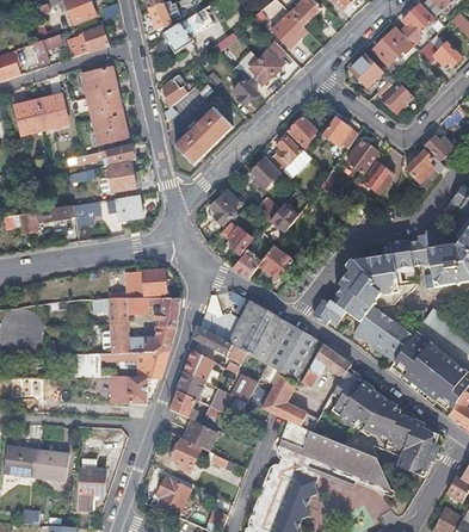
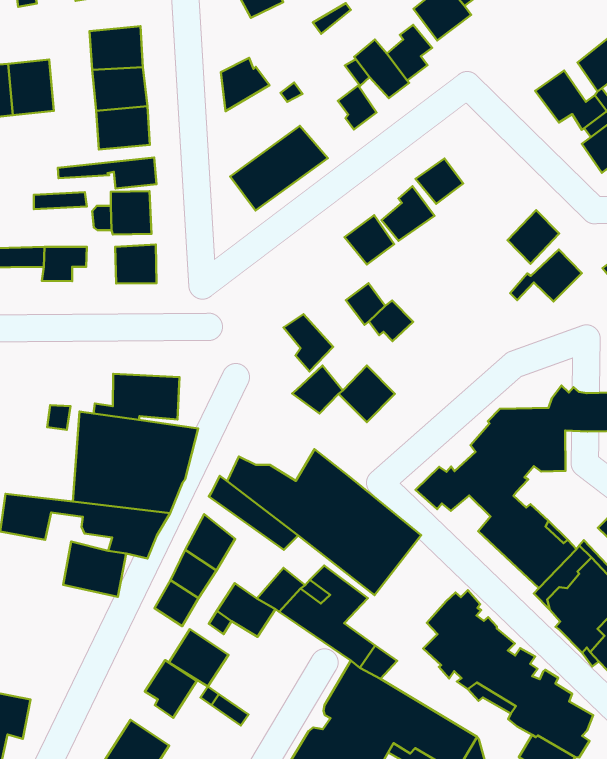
building: [323,118,358,149] -> none
building: [211,191,239,227] -> none
building: [302,344,352,389] -> none

